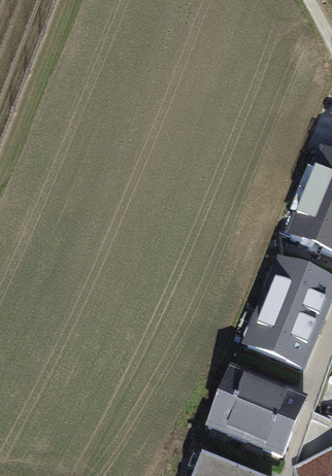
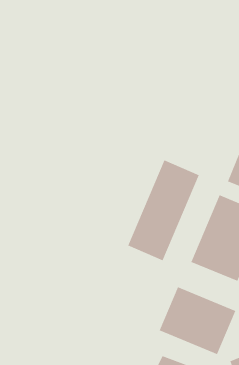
building: none -> [128,159,199,261]

